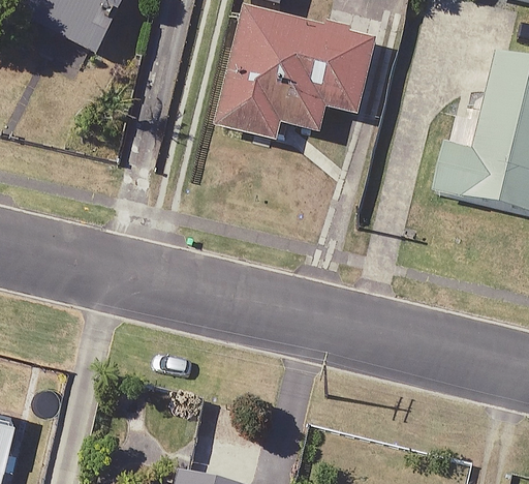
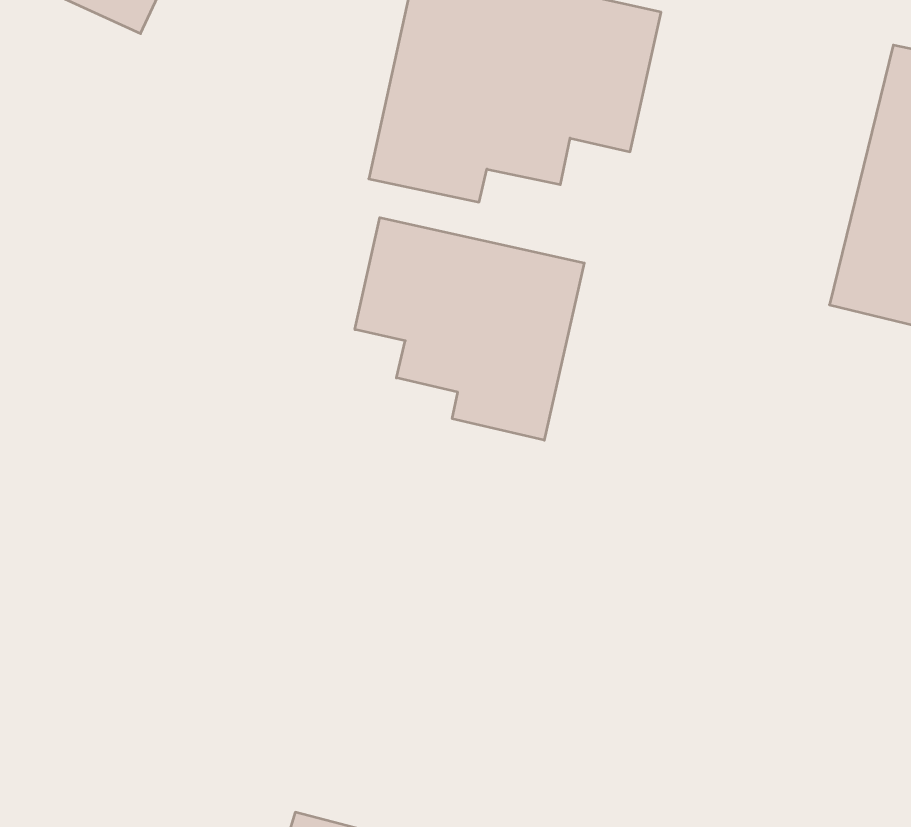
building: none -> [355,218,584,440]

